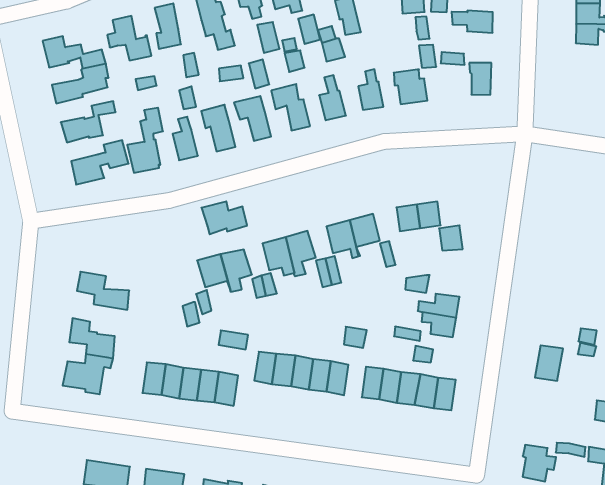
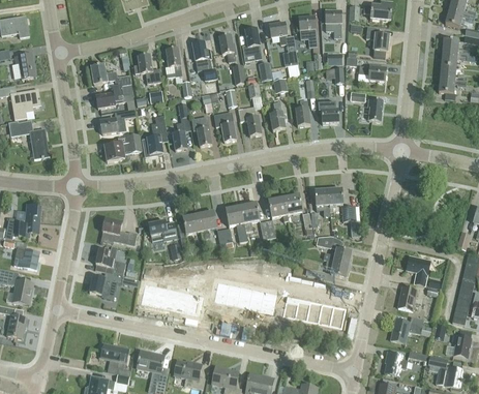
building: [201,201,247,234] -> [148,220,177,241]
building: none -> [406,255,430,285]
building: none -> [390,316,431,342]

